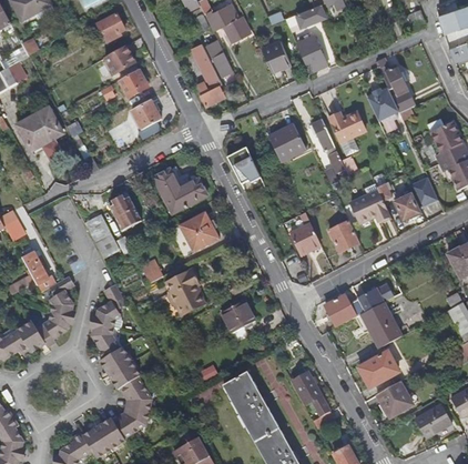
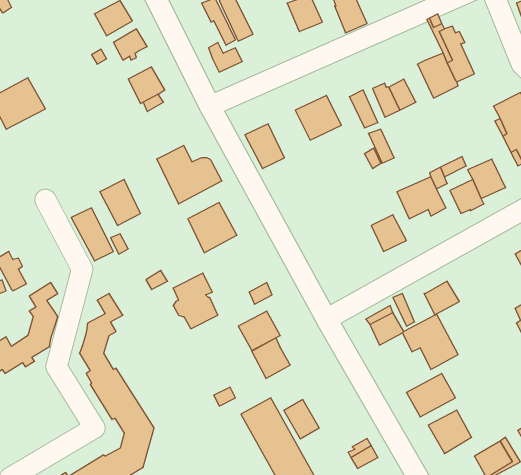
building: [289,211,321,254] -> none
building: none -> [252,338,290,379]
building: [292,371,321,403] -> [284,400,319,439]

